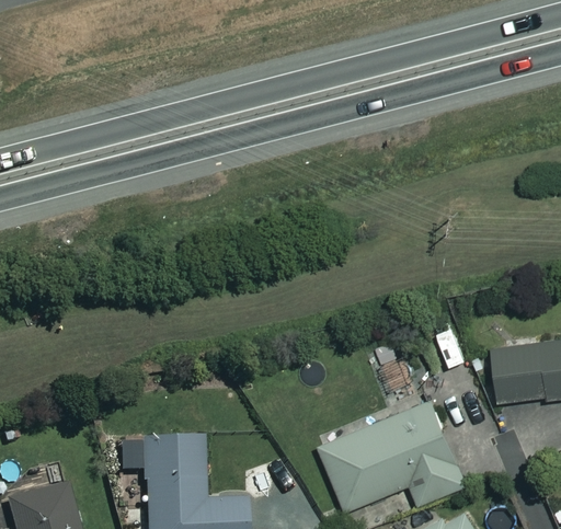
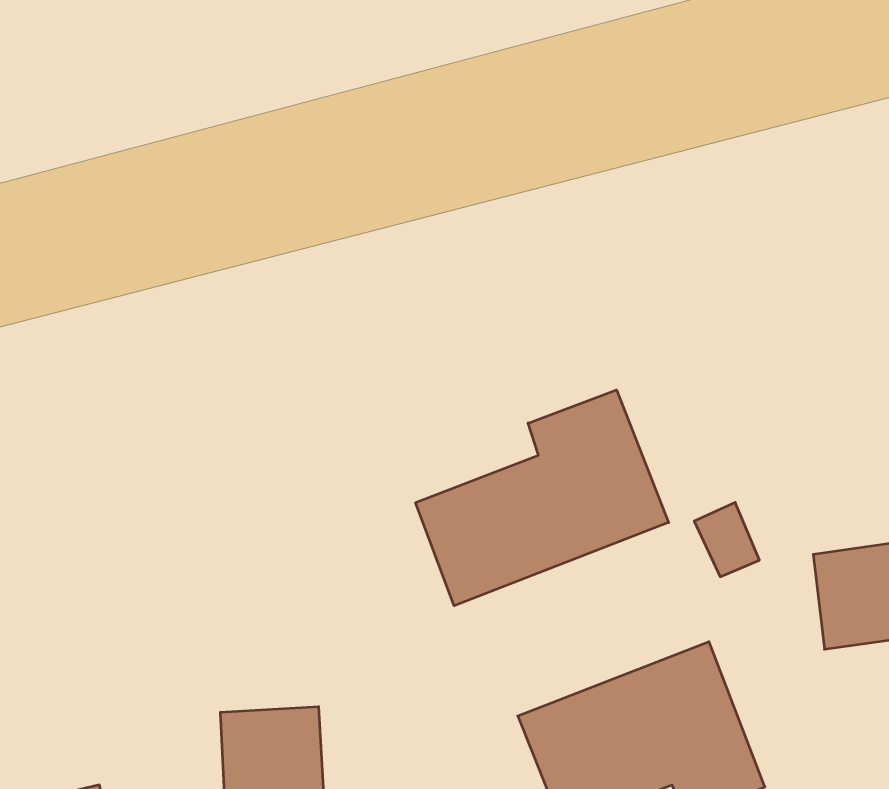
building: none -> [416,390,669,606]

